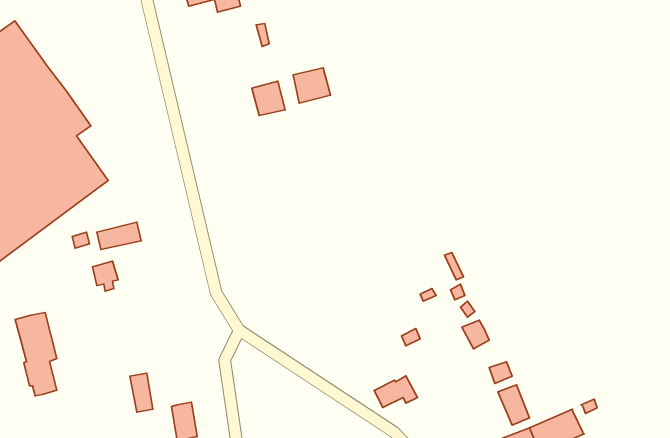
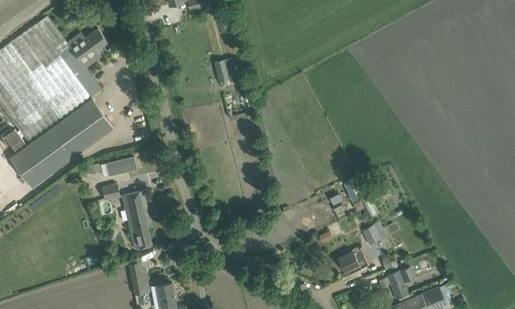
building: none -> [71,29,107,65]
building: [293,68,331,103] -> none
building: [15,312,57,396] -> [122,191,151,250]
building: [374,376,417,408] -> [338,250,368,272]

